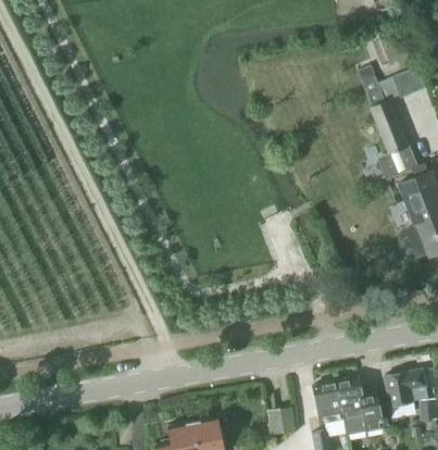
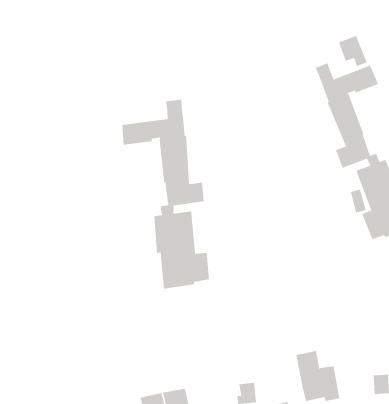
building: none -> [122,99,209,290]
building: [385,368,426,405] -> none
building: [315,380,343,423] -> none

